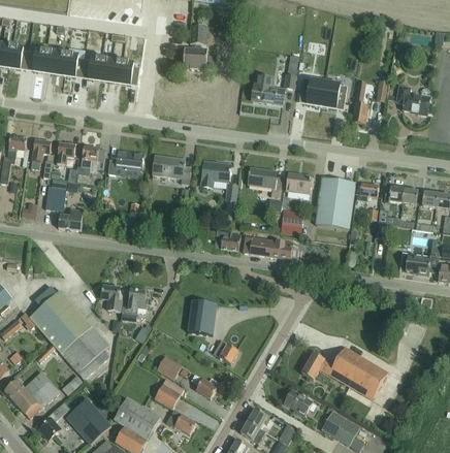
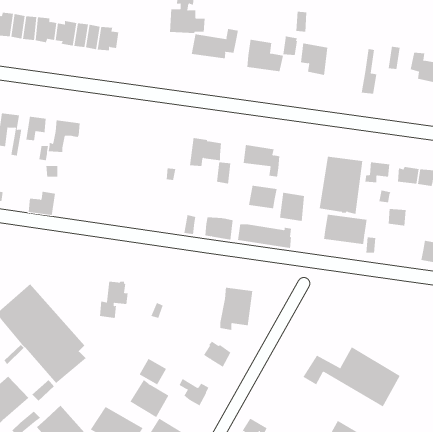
building: none -> [191,28,238,59]
building: [321,82,347,108] -> none
building: [107,151,143,174] -> none
building: [153,155,191,184] -> none
building: [286,172,312,193] -> [248,185,277,209]
building: [45,186,66,211] -> none
building: none -> [324,214,367,245]
building: [101,285,123,312] -> none
building: [187,300,217,338] -> [219,287,253,331]
building: [284,389,313,416] -> none

